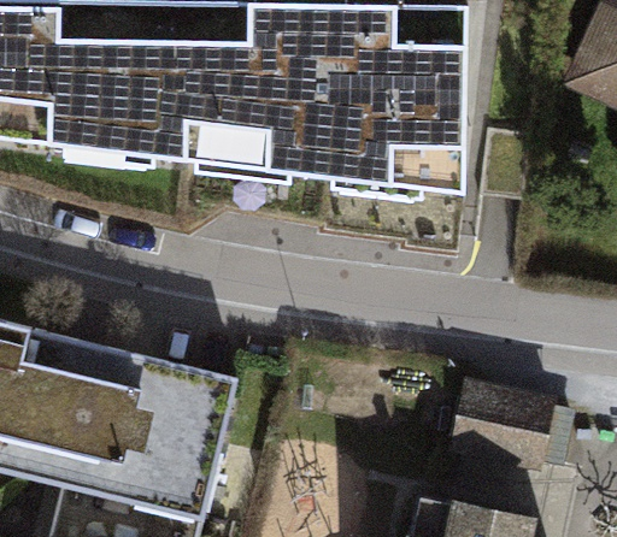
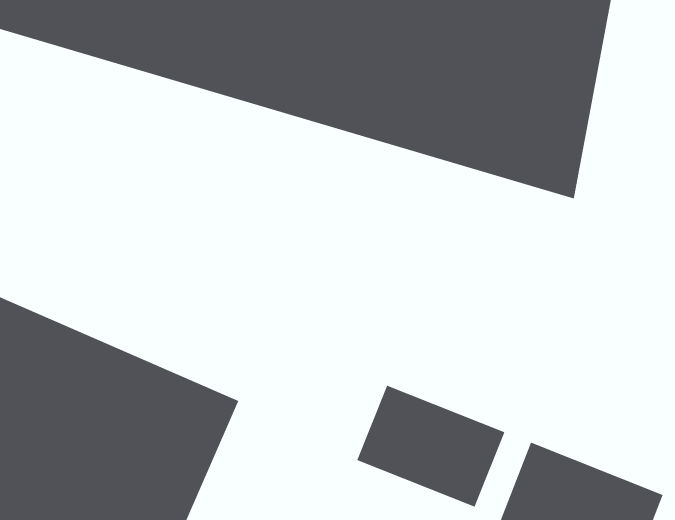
building: none -> [356,385,505,507]

